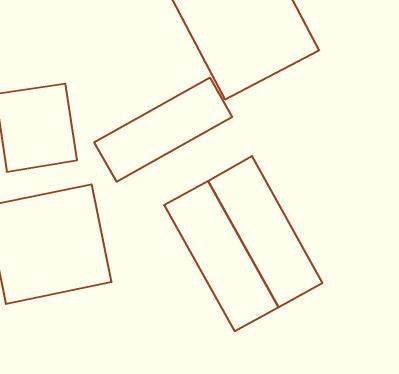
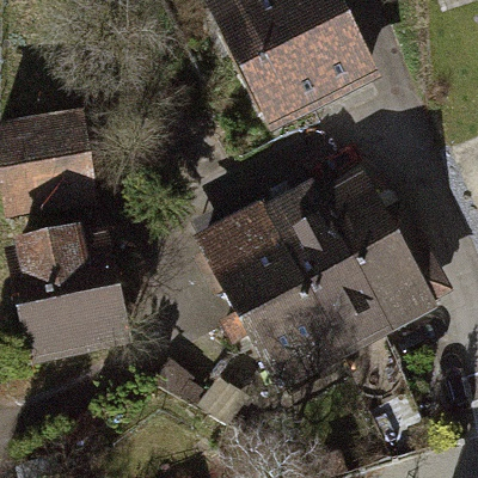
building: [94,78,232,182] -> none
building: none -> [302,166,433,338]

